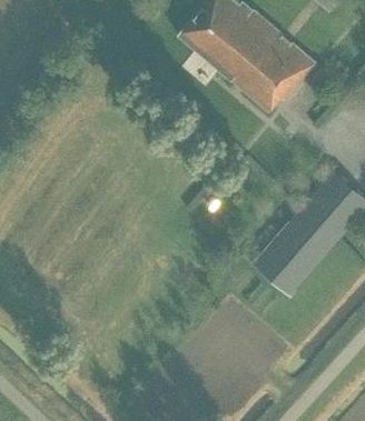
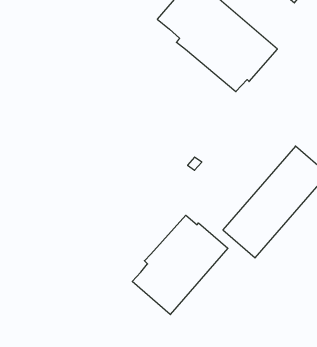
building: none -> [132,215,228,315]

